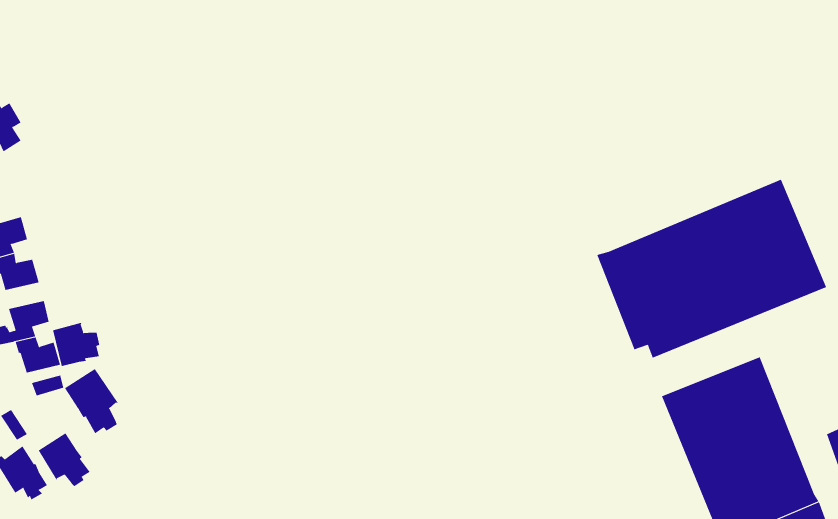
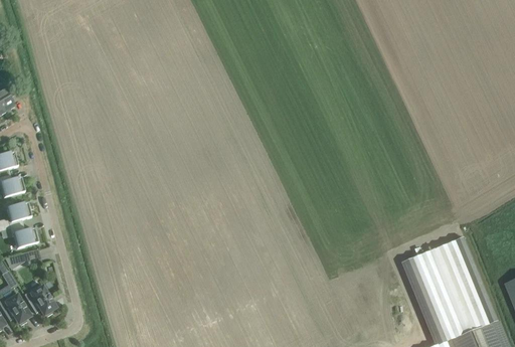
building: [597,179,827,359] -> none
building: [53,322,100,367] -> none
building: [64,368,118,434] -> none

